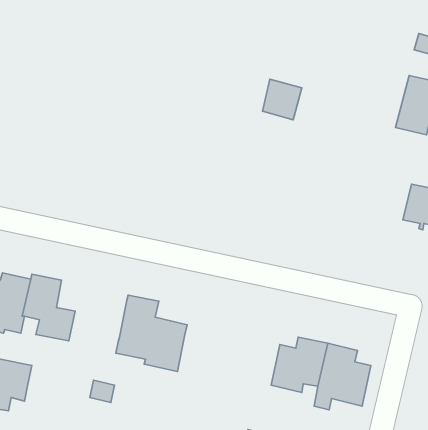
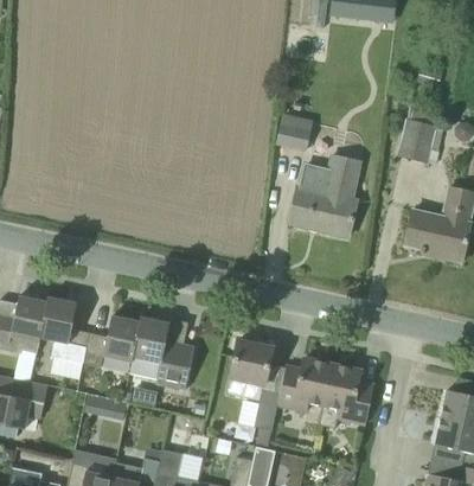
building: none -> [289,156,359,236]
building: none -> [84,314,140,365]
building: none -> [226,339,281,429]

